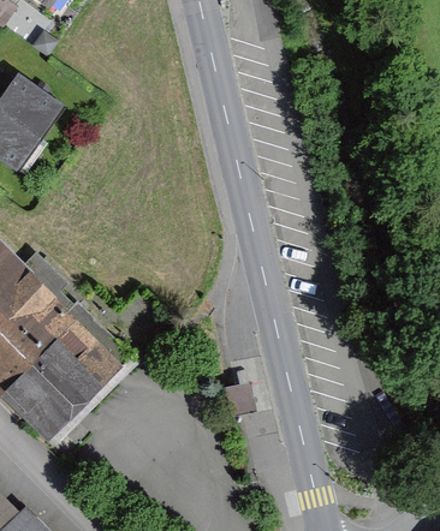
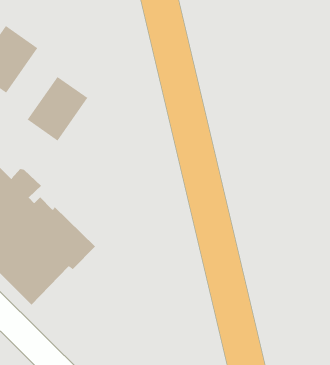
building: none -> [27,76,88,141]

